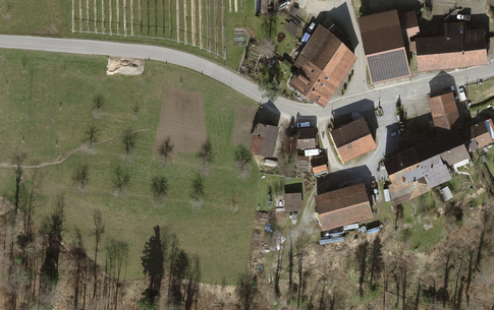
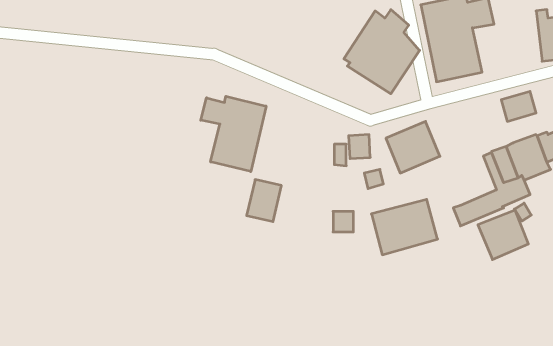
building: [407,23,461,71] -> none
building: [288,70,333,107] -> none
building: none -> [201,96,266,172]
building: [432,110,462,135] -> none
building: [249,121,278,157] -> [247,180,281,222]
building: [380,146,423,188] -> [478,210,528,260]

